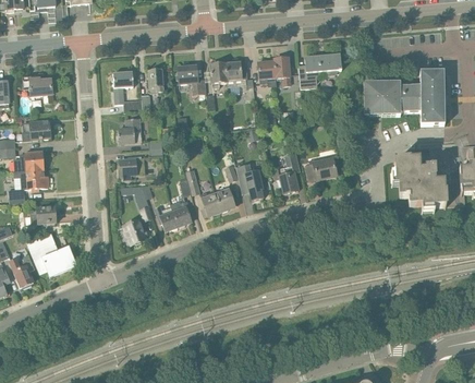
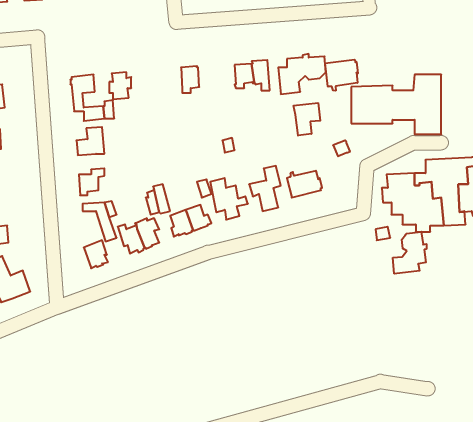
building: none -> [325,60,358,91]
building: [226,61,254,99] -> none
building: [176,64,206,93] -> none
building: none -> [294,103,320,136]
building: none -> [393,232,426,274]

